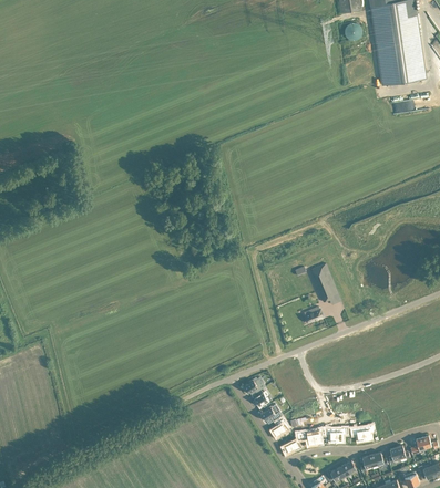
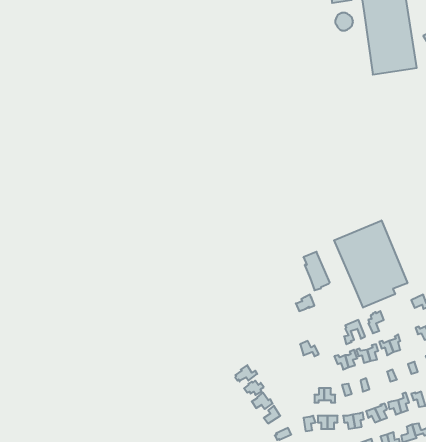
building: none -> [334,220,407,308]

